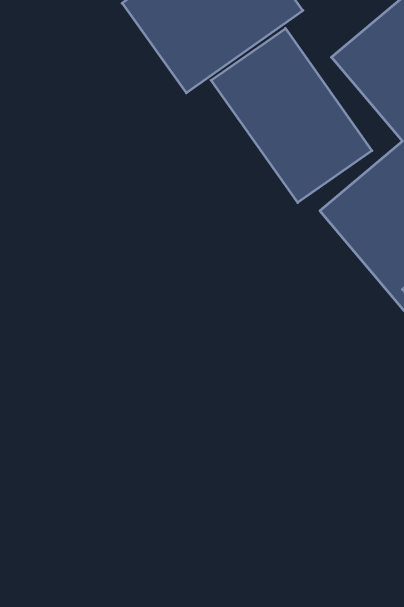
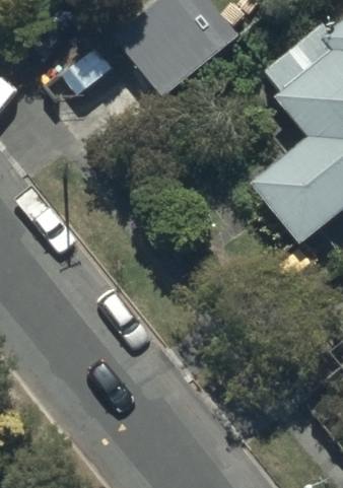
building: [211,28,372,203] -> none

